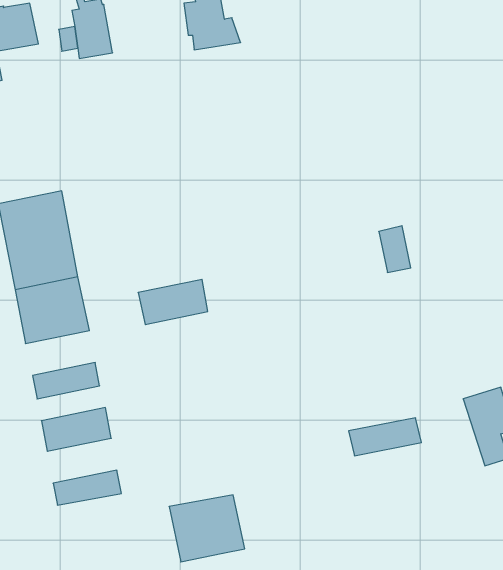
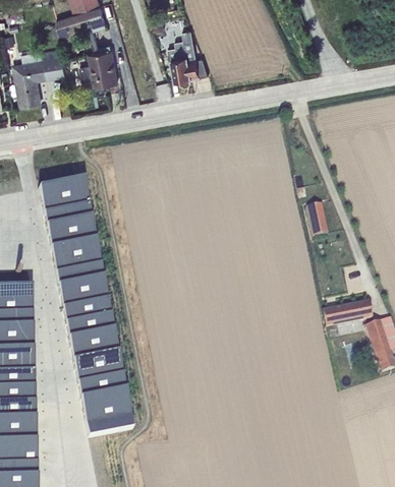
building: [138,279,208,325] -> [58,277,107,308]
building: none -> [66,315,114,340]
building: [349,418,421,456] -> [322,301,373,327]
building: none -> [73,352,122,383]
building: [169,495,245,562] -> [80,390,133,437]

